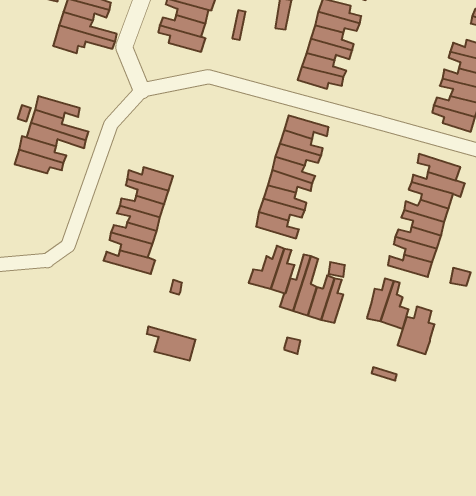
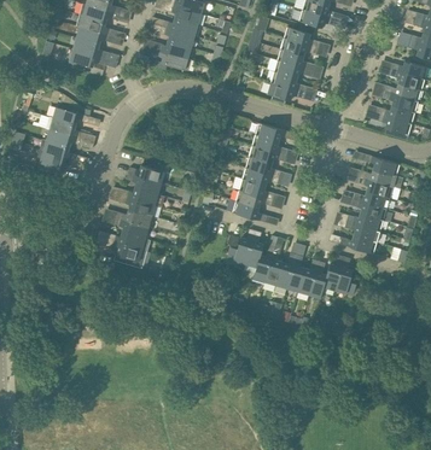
building: [397,307,435,354] -> [297,259,327,298]
building: [147,326,196,361] -> [107,240,147,268]

